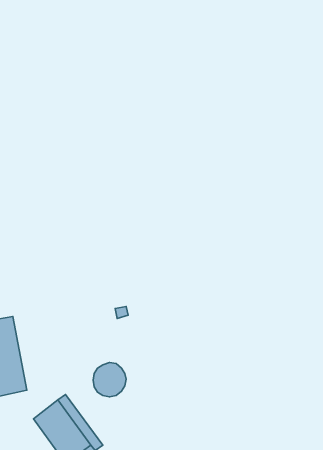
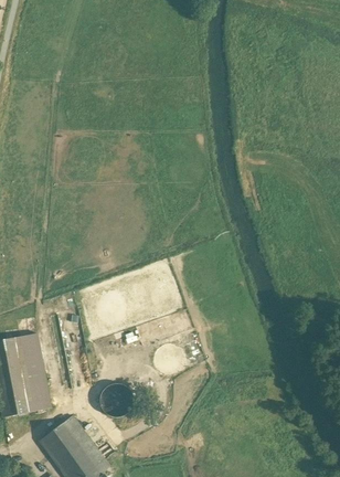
building: none -> [20,335,52,412]

